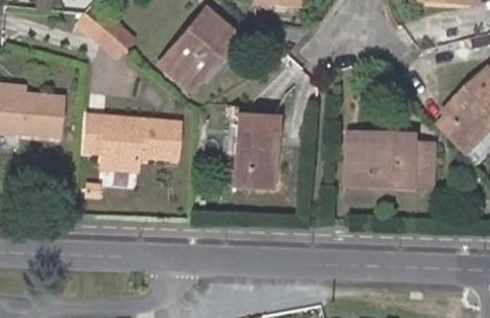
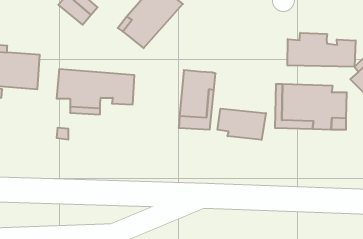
building: none -> [287,33,356,67]
building: none -> [217,109,266,140]

